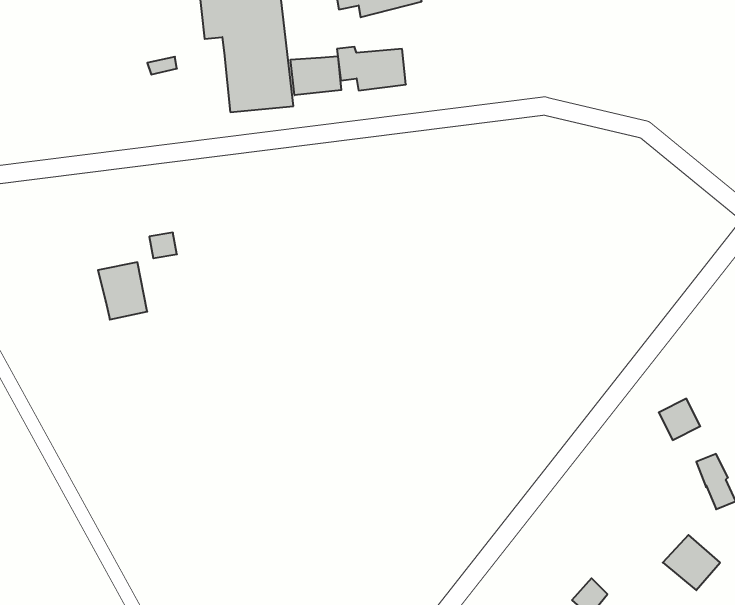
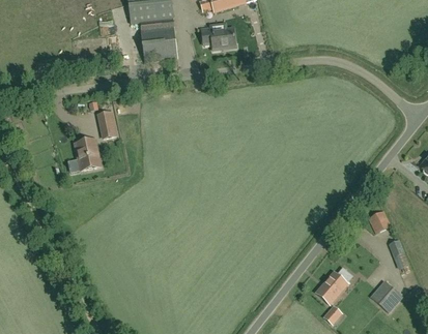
building: [291,56,341,95] -> none
building: none -> [315,267,348,303]

